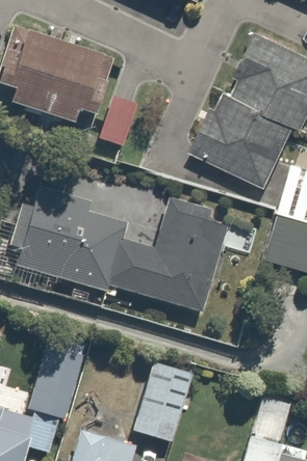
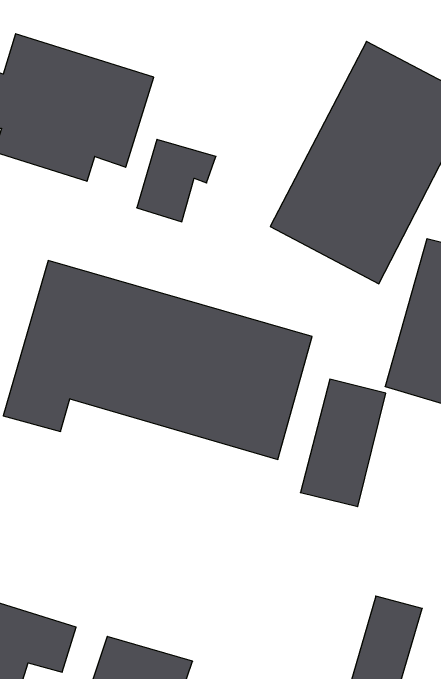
building: [28,344,86,419] -> none
building: [136,355,194,440] -> [300,379,386,507]

